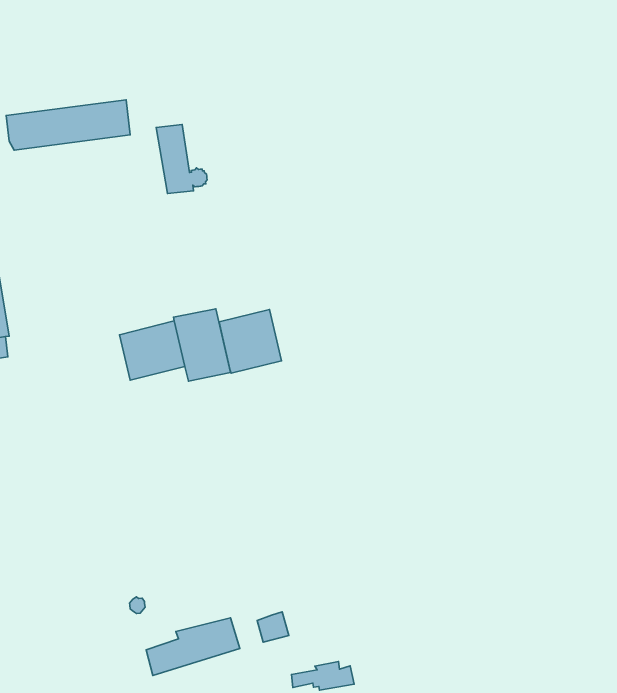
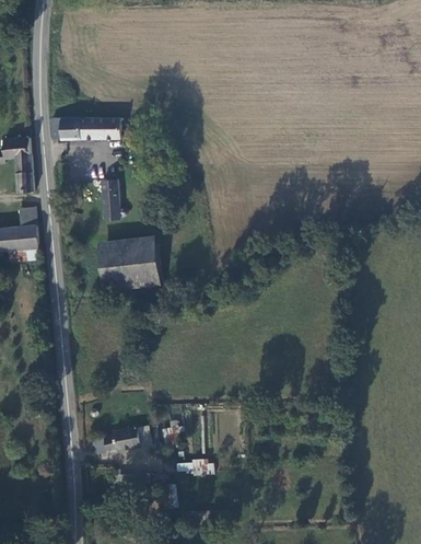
building: [156,125,207,194] -> [102,180,128,219]
building: [219,309,281,373] -> none

